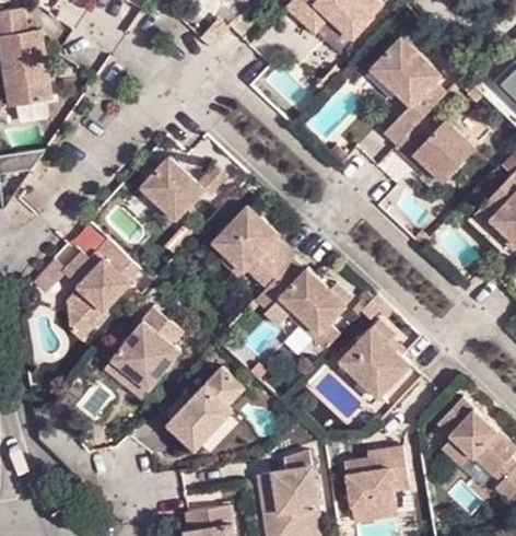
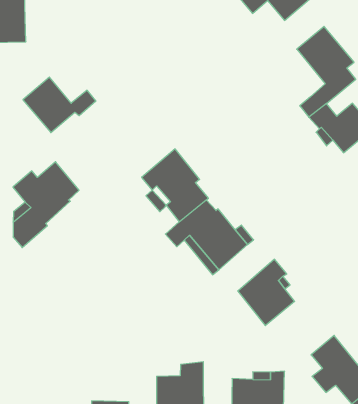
building: [139,154,224,219] -> [23,77,96,133]
building: [109,319,177,389] -> none
building: [167,366,243,450] -> none

